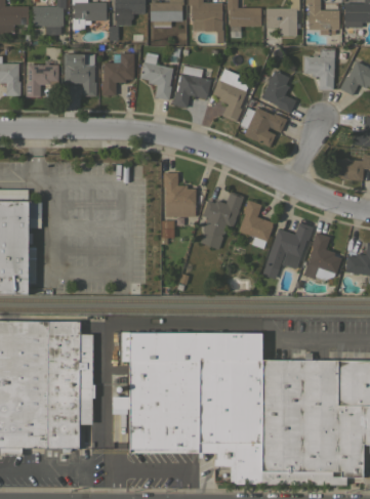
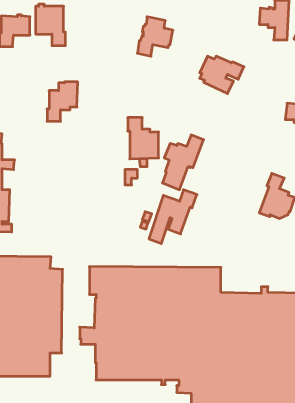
building: [101,53,134,95] -> [47,82,78,121]
building: [140,55,173,100] -> none
building: [261,71,296,114] -> none
building: [212,79,247,122] -> none
building: [239,200,273,242] -> none
building: [262,222,314,280] -> [149,190,197,244]

